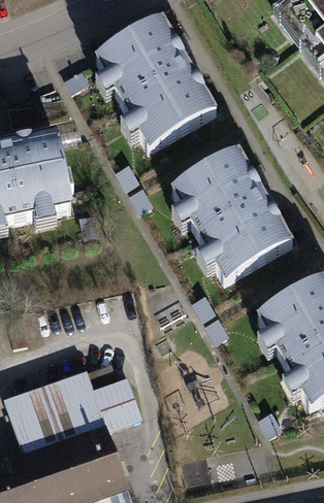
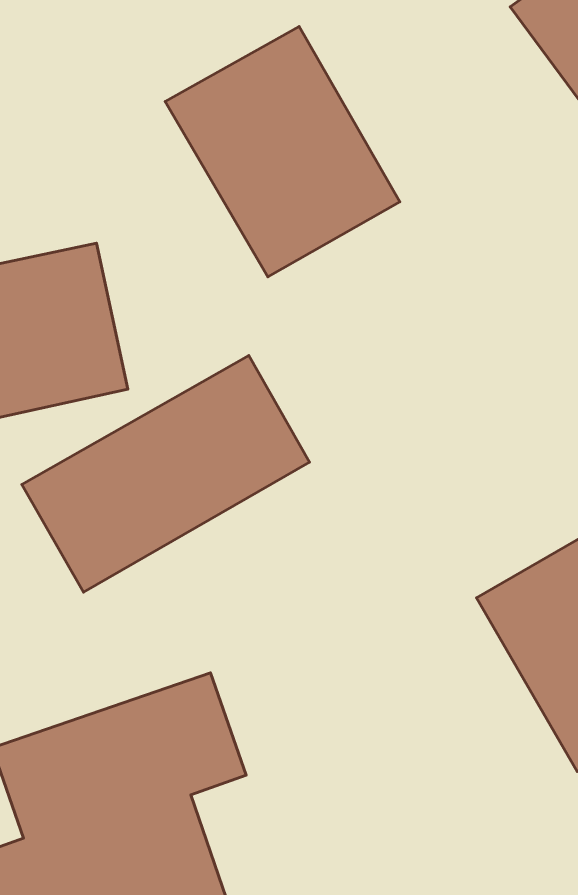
building: [172,148,292,278] -> none
building: none -> [22,355,309,592]

